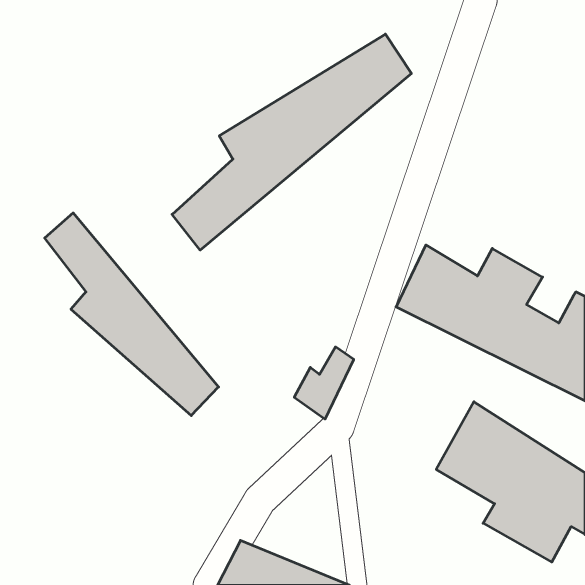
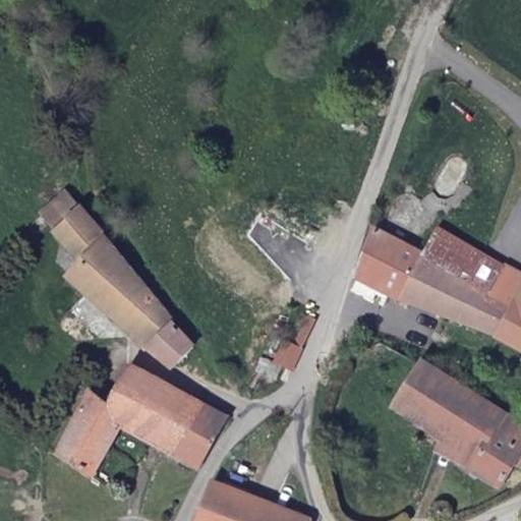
building: [172,34,411,250] -> none
building: none -> [468,246,510,287]
building: none -> [52,363,227,477]

